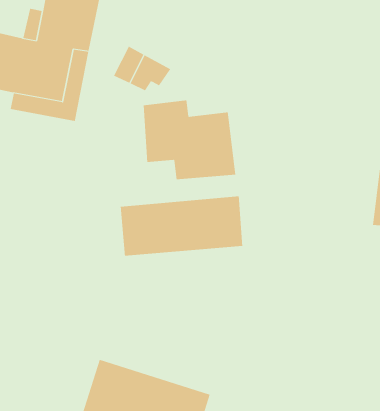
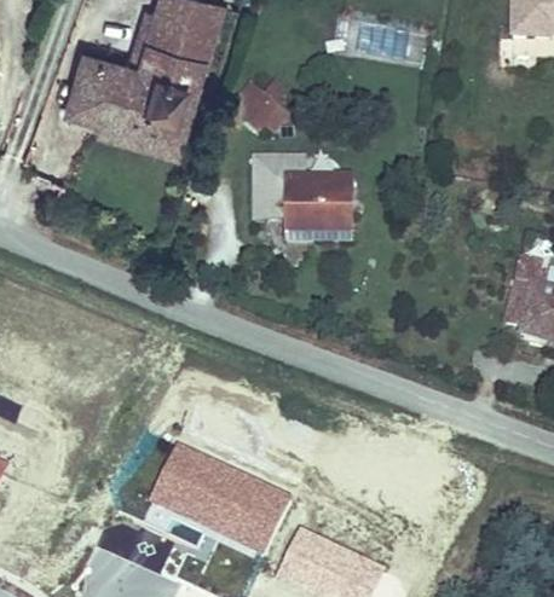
building: [120,196,243,256] -> none

